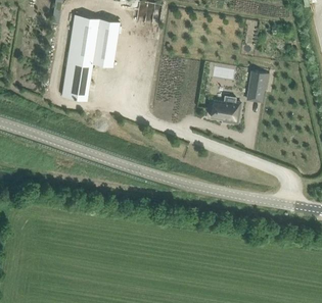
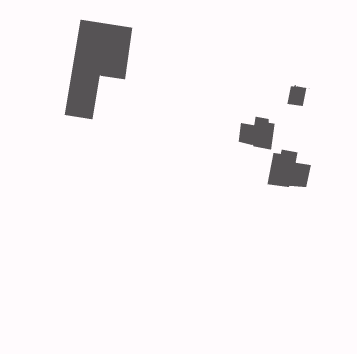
building: none -> [267,149,311,188]

